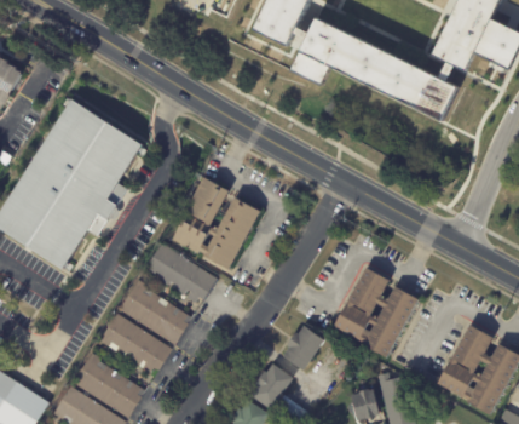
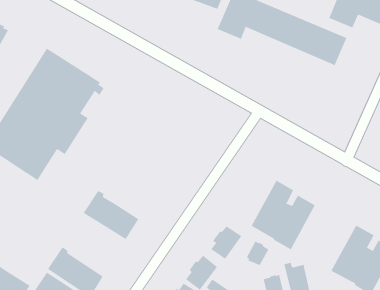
building: [173,174,261,268] -> none
building: [144,241,217,302] -> none
building: [99,311,172,372] -> none
building: none -> [246,241,269,266]

